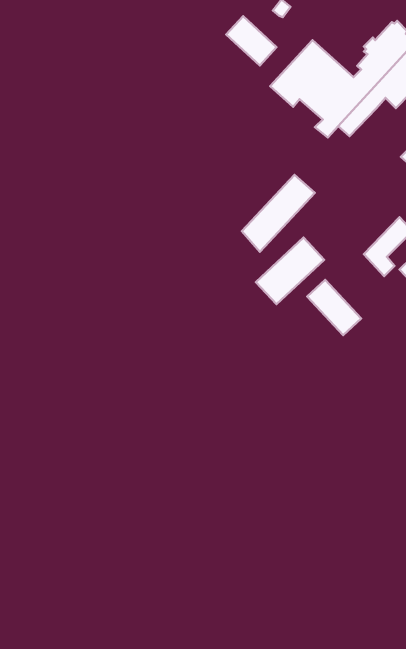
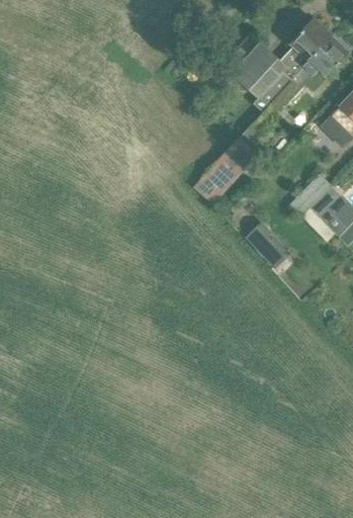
building: [226,16,277,65] -> none
building: [256,238,324,304] -> none

